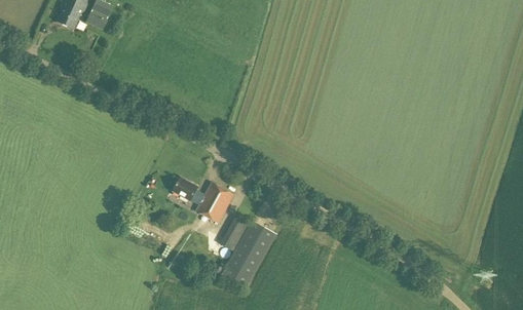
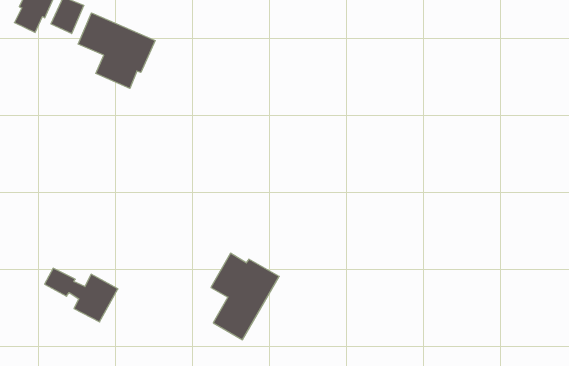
building: none -> [78,13,155,88]
building: [172,178,233,223] -> [45,268,118,322]

